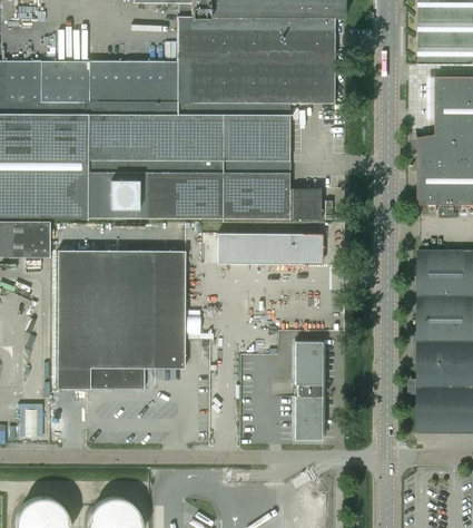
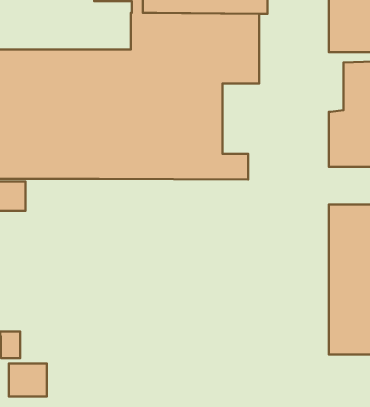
building: [217,233,321,264] -> none
building: [57,251,186,389] -> none
building: [295,341,323,439] -> none
building: none -> [9,364,47,397]

